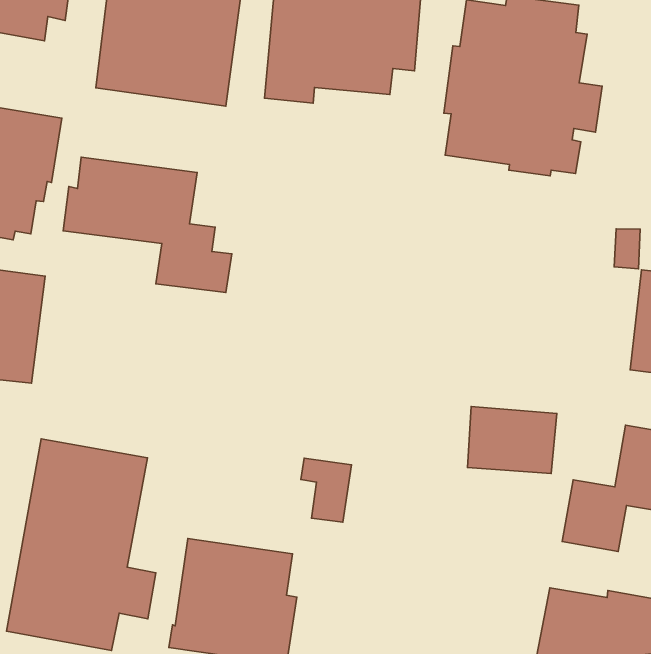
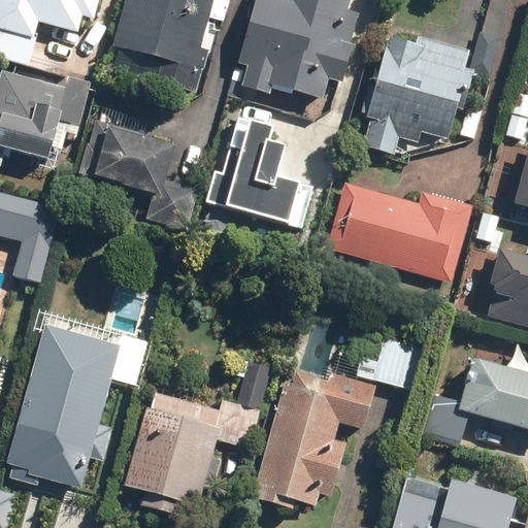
building: none -> [202,113,315,226]
building: none -> [321,178,472,285]
building: none -> [256,366,373,502]

